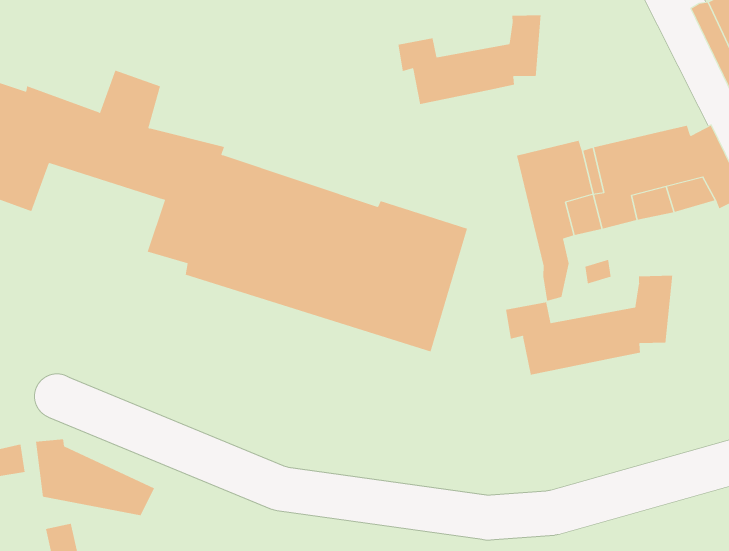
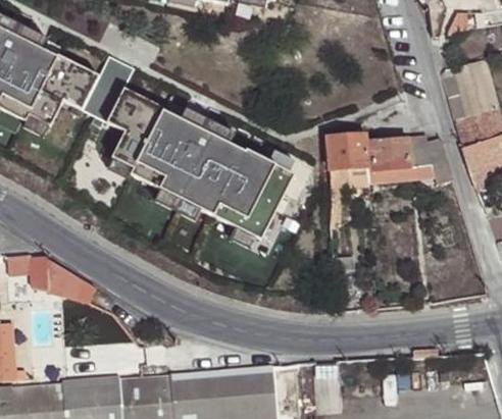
building: [398,15,541,105] -> none
building: [505,275,673,376] -> none

